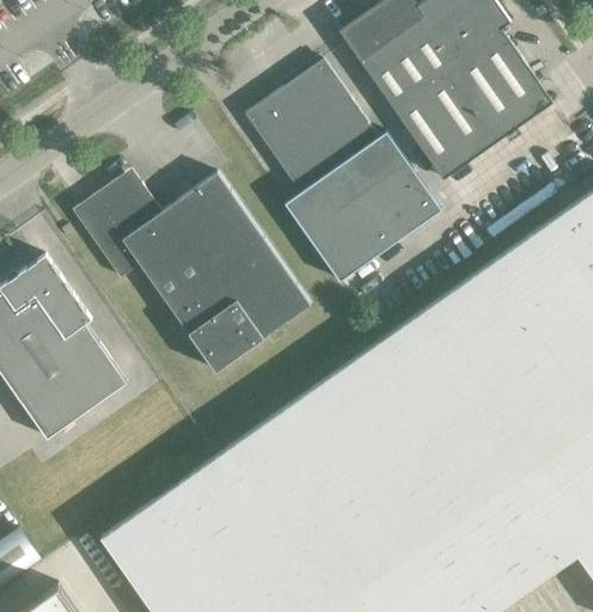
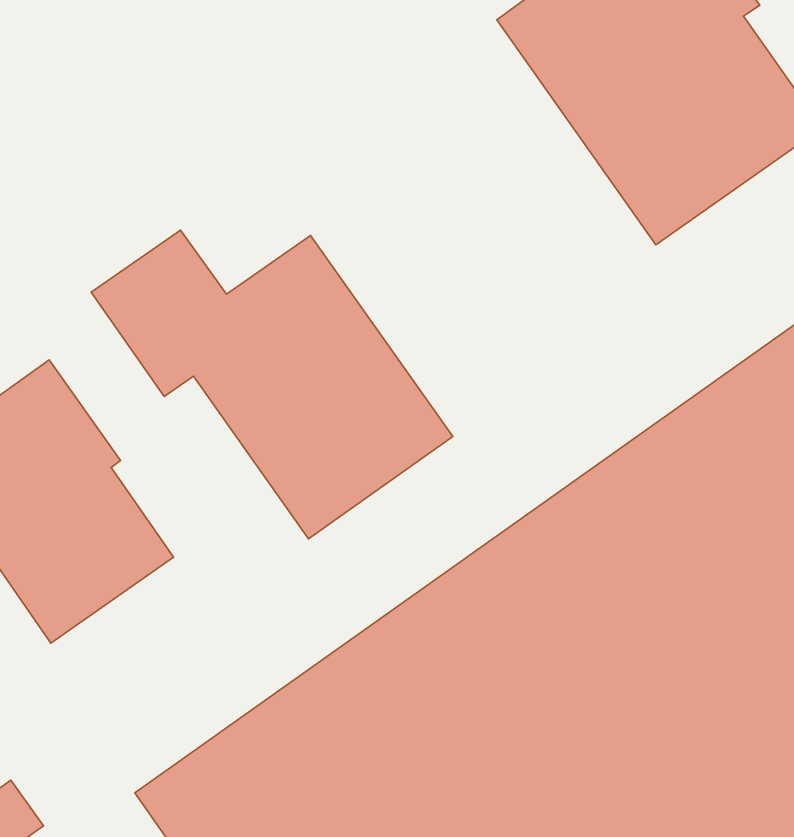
building: [245,60,441,282] -> none

